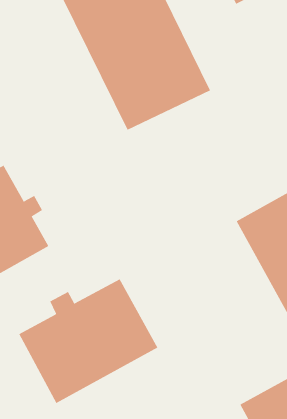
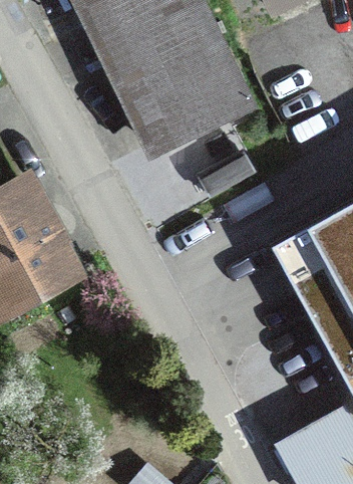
building: [18,279,158,404] -> none

